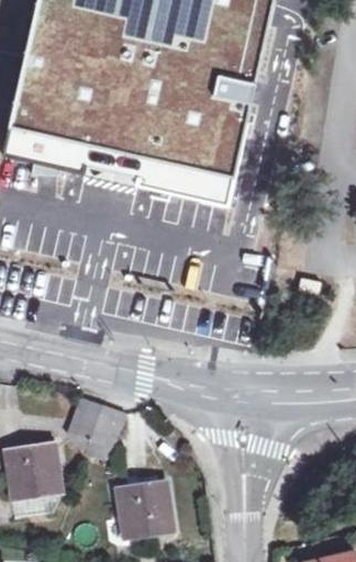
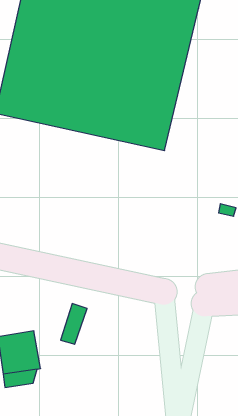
building: [66,396,102,452] -> none
building: [114,479,171,535] -> none

